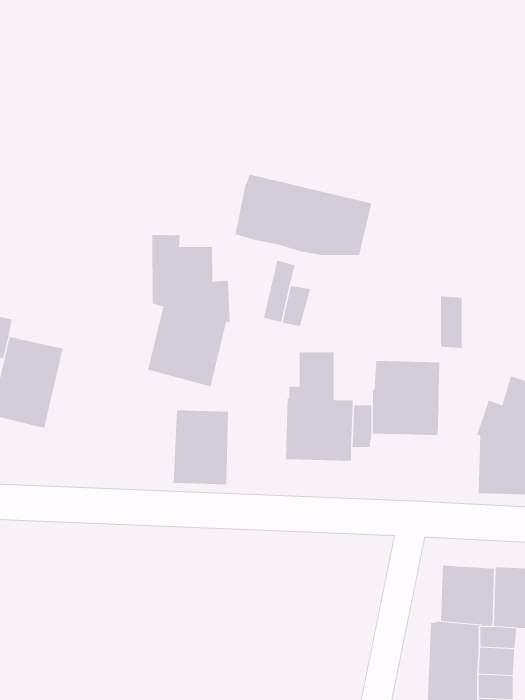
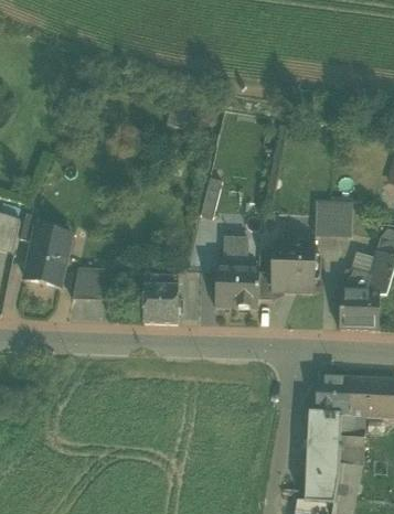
building: [234,174,372,256] -> none
building: [148,234,230,387] -> none
building: none -> [330,202,353,235]
building: none -> [72,267,105,299]

